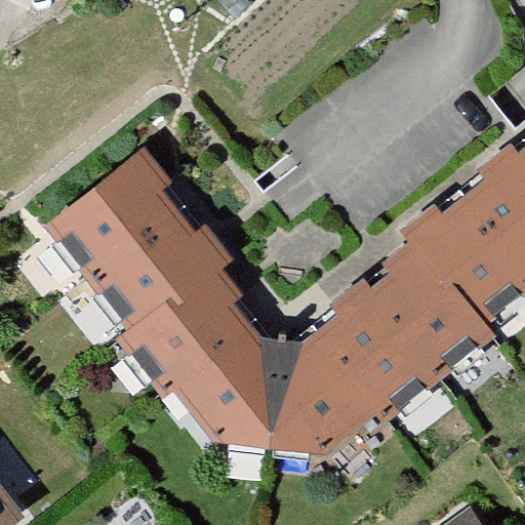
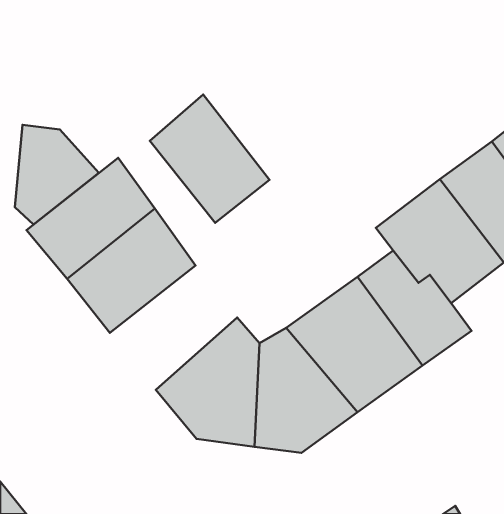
building: none -> [150,95,269,223]
building: none -> [15,125,99,224]
building: [127,268,255,393] -> none

